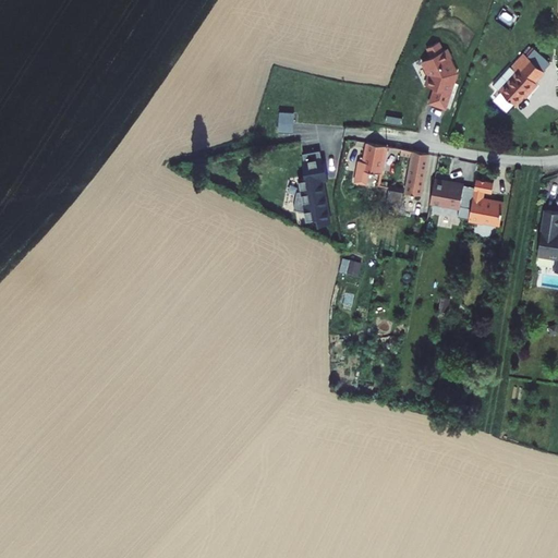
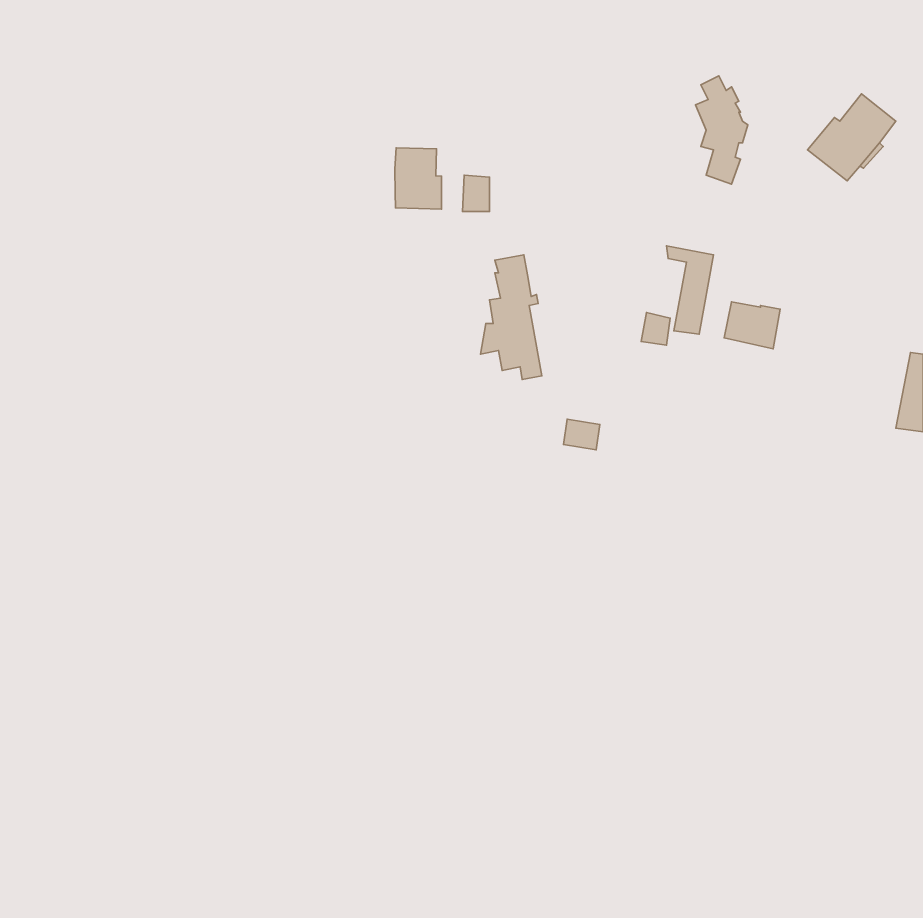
building: none -> [395,148,442,209]
building: [363,146,388,182] -> none
building: [473,182,509,229] -> none

